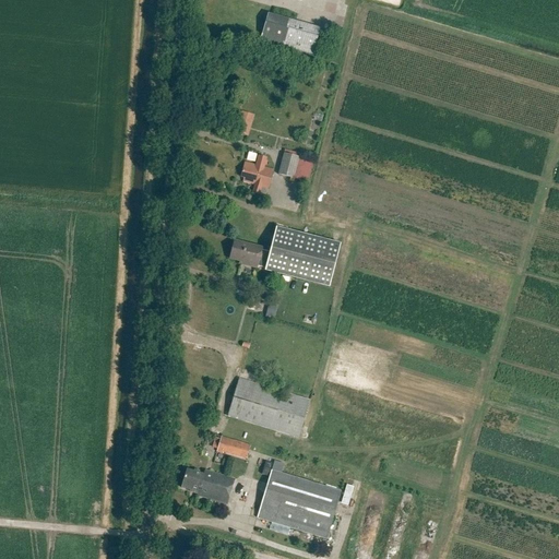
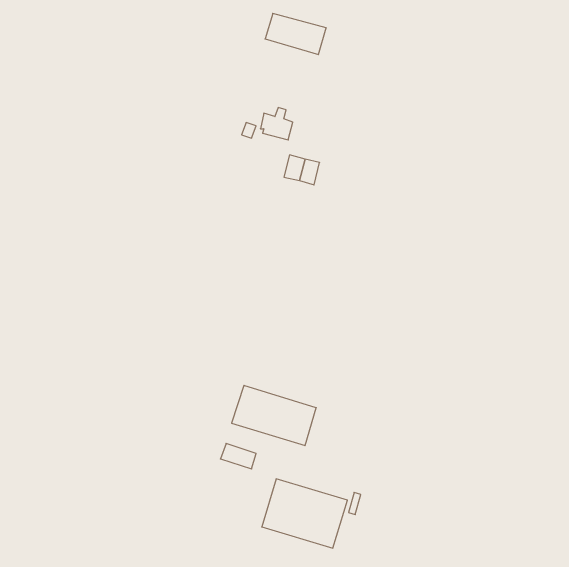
building: [241,155,273,187] -> [260,108,293,140]
building: [229,225,341,285] -> none
building: [181,468,235,503] -> none

